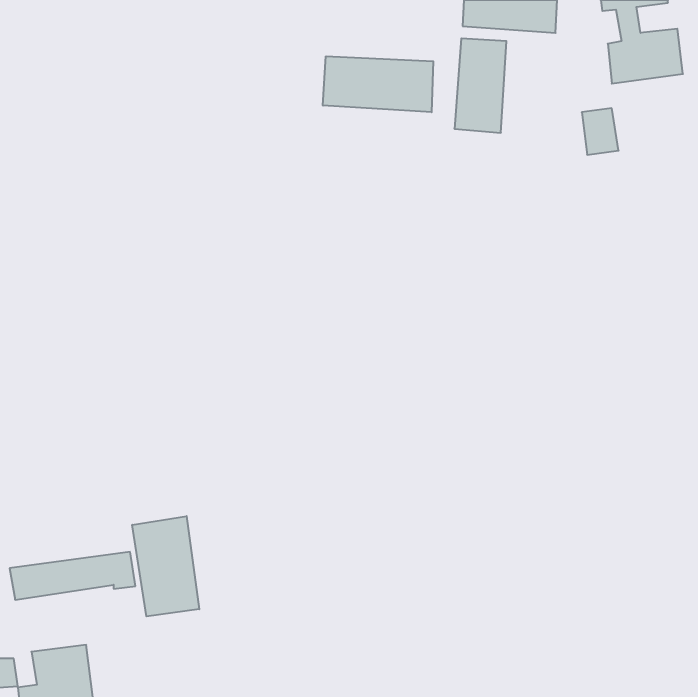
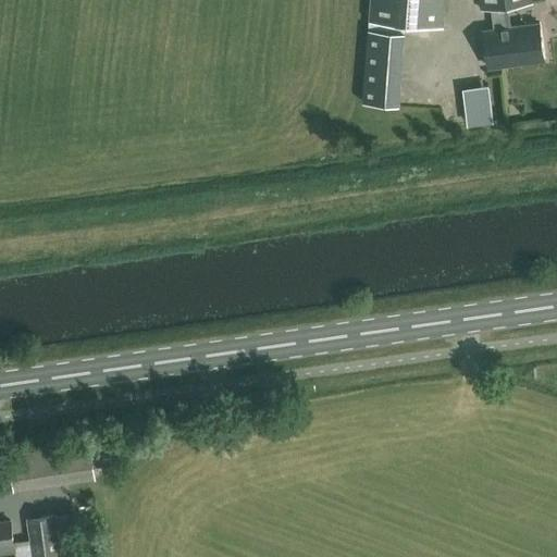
building: [323,56,433,112] -> none
building: [132,516,199,616] -> none

